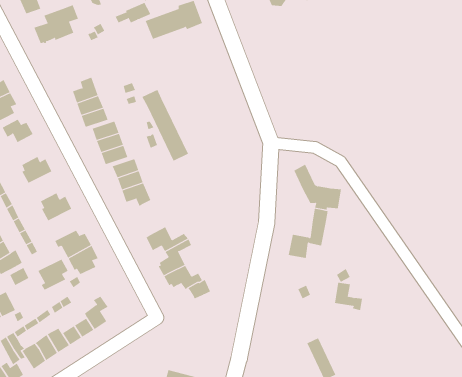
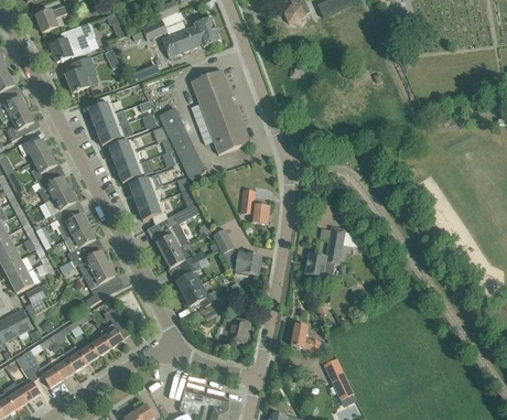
building: none -> [65,56,95,91]
building: none -> [191,69,249,153]
building: none -> [31,151,56,182]
building: [293,164,342,210] -> [213,228,261,274]
building: none -> [44,189,75,222]
building: none -> [240,189,269,223]
building: none -> [155,202,201,255]
building: [38,259,68,291] -> [64,226,95,258]
building: [334,282,363,311] -> [291,323,320,352]
building: none -> [220,315,249,343]

